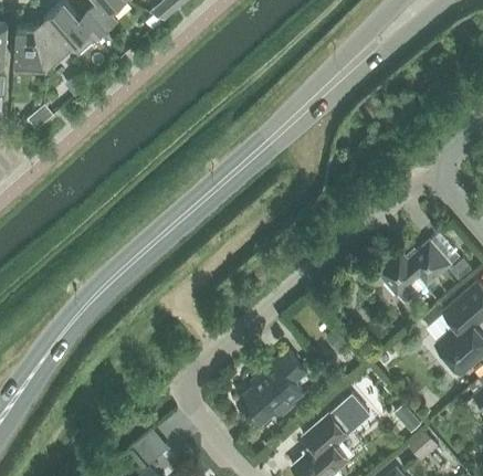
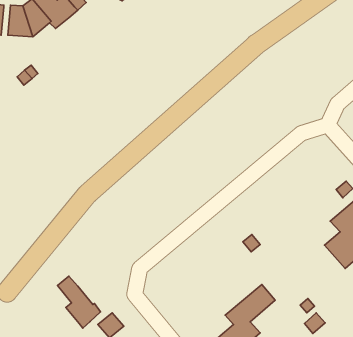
building: [377,241,450,303] -> none
building: [240,350,306,424] -> none
building: none -> [57,276,101,328]

